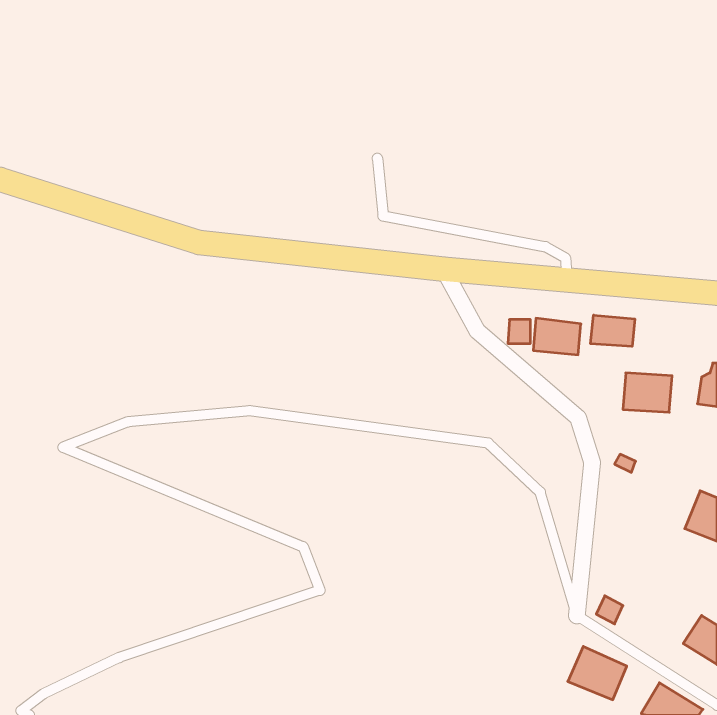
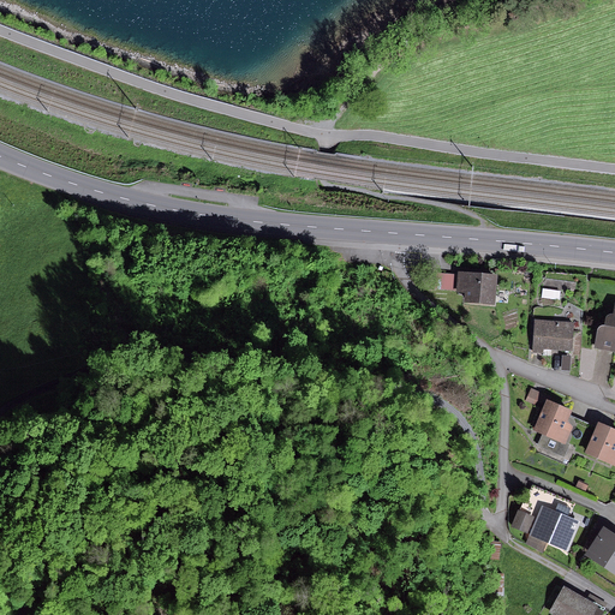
building: [591,315,635,346] -> none
building: none -> [536,398,577,456]
building: [568,646,627,700] -> [531,503,581,549]

